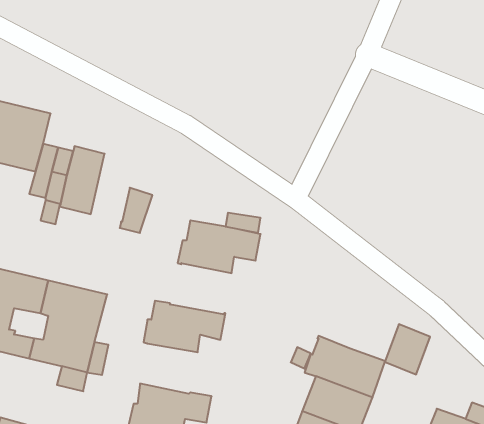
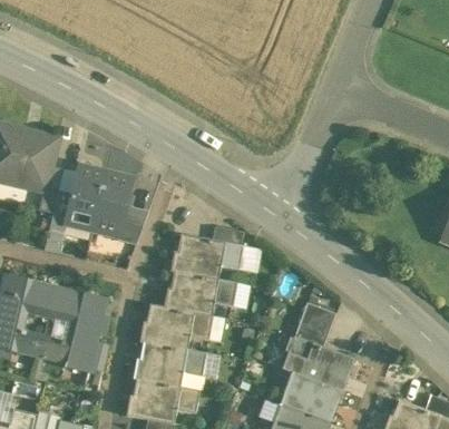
building: none -> [94,175,134,235]
building: none -> [164,272,236,318]
building: [385,324,430,374] -> [295,303,335,348]
building: none -> [134,343,206,390]

